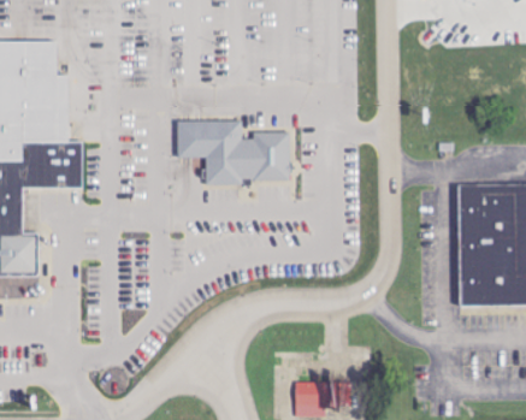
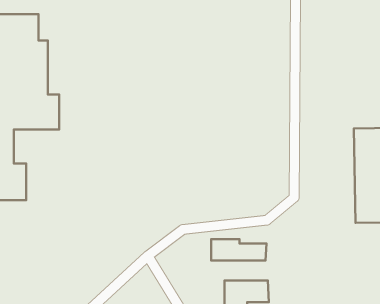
building: [173,120,288,184] -> none
building: none -> [211,239,267,261]

